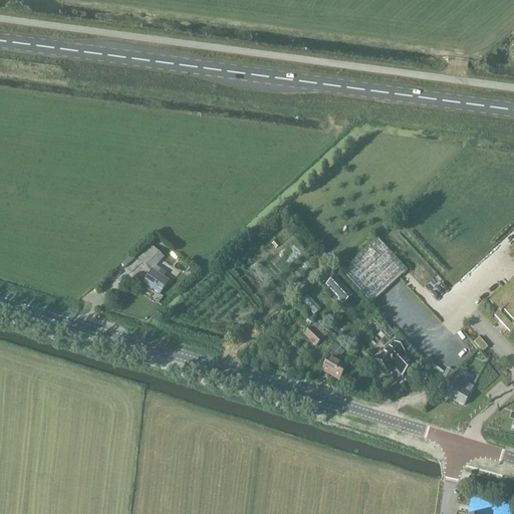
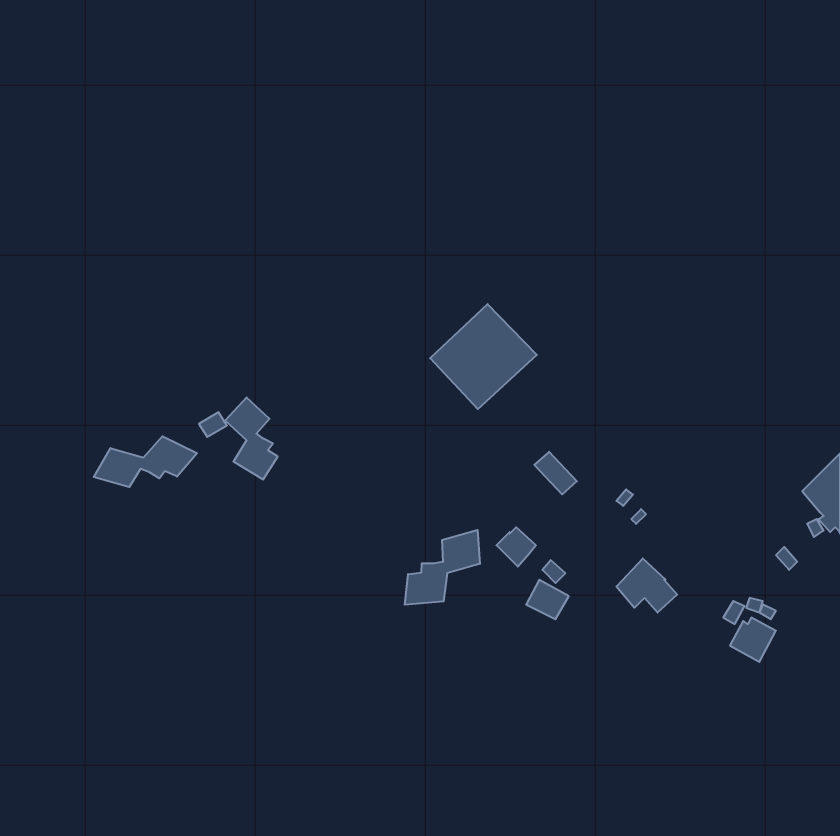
building: [342,237,408,301] -> [430,304,537,409]
building: none -> [94,436,197,487]
building: none -> [405,530,480,605]

